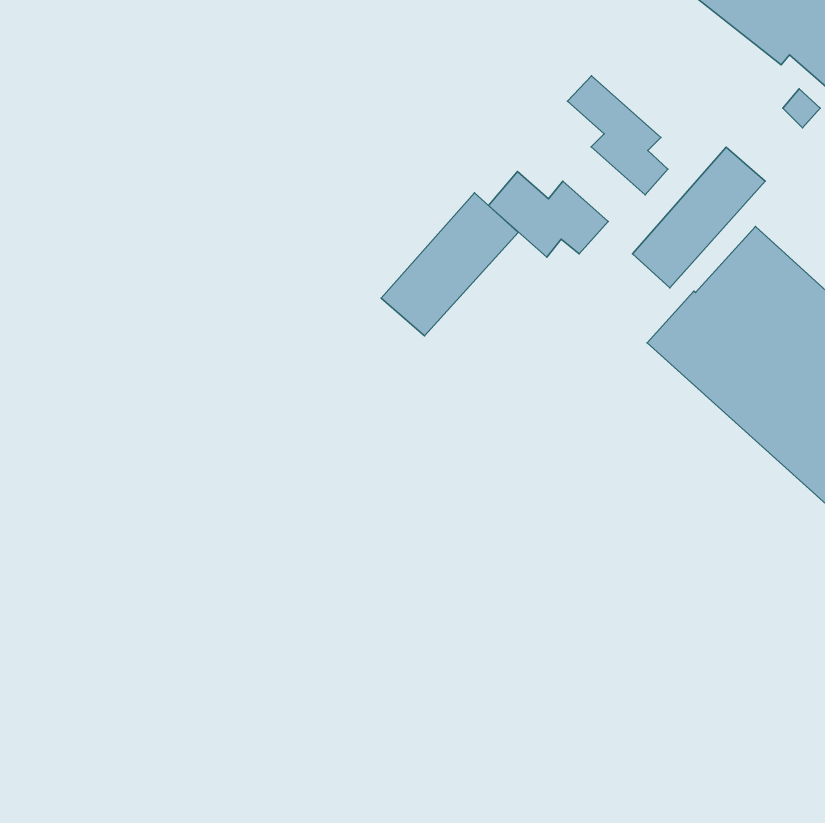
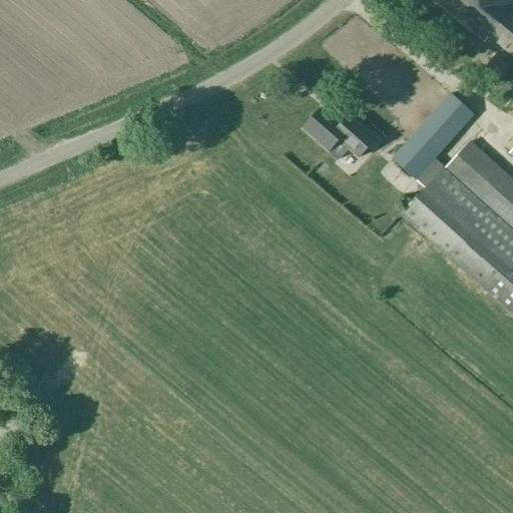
building: [567,76,668,195] -> none
building: [381,193,518,336] -> none

